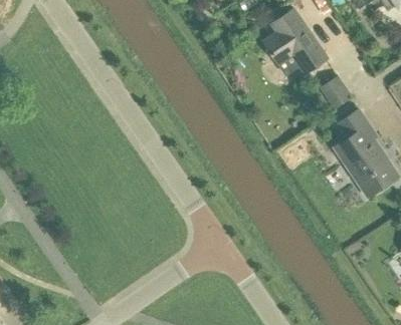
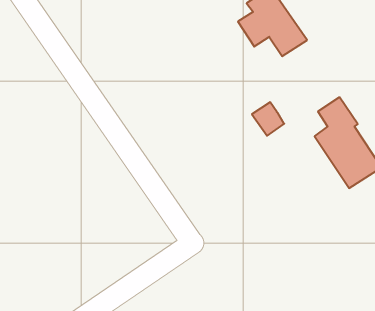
building: [320,77,350,108] -> [252,102,284,136]

